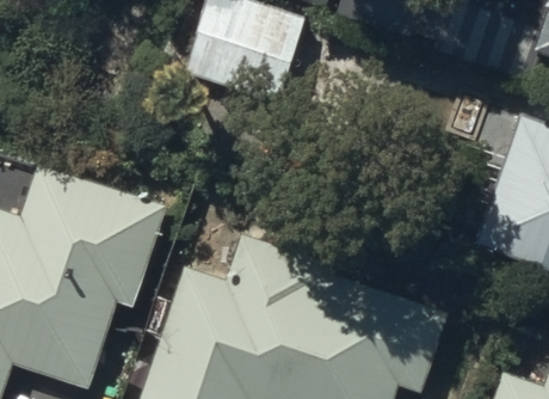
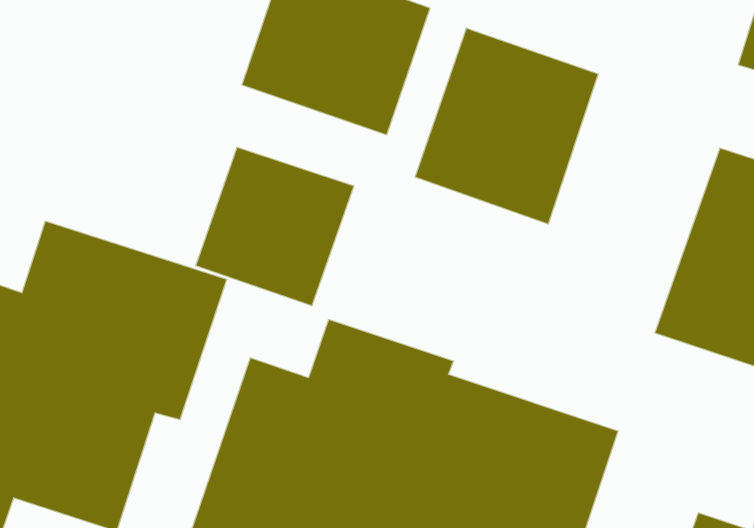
building: none -> [415,28,598,224]
building: none -> [196,147,354,306]

